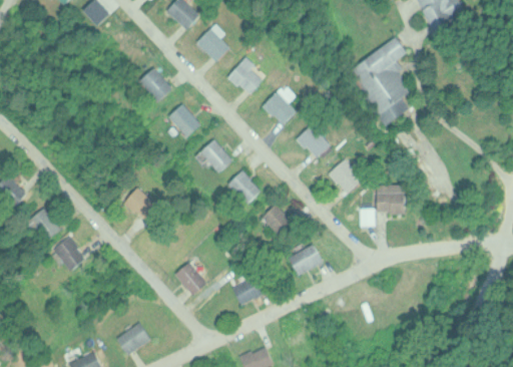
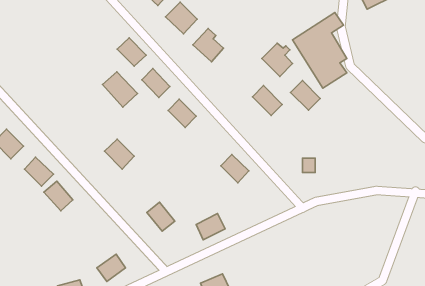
building: [261,88,297,127] -> [262,43,293,76]
building: none -> [102,72,137,107]
building: [328,159,363,195] -> [291,81,320,110]
building: [226,170,261,205] -> none
building: [375,186,404,214] -> none
building: [287,244,322,276] -> none

